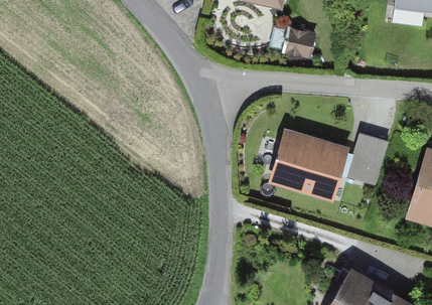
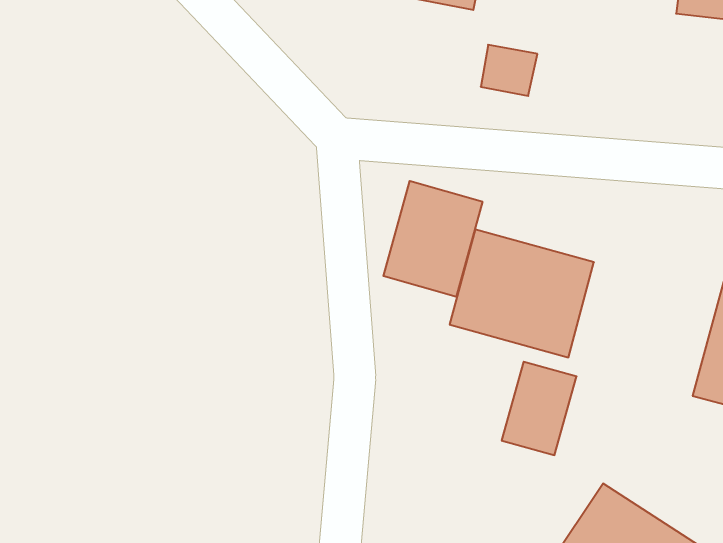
building: none -> [383,181,482,297]
building: [348,134,390,185] -> [502,362,577,455]

